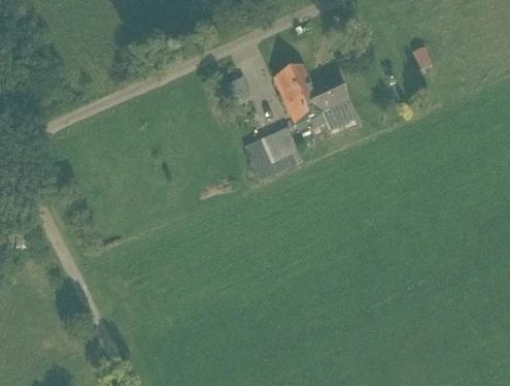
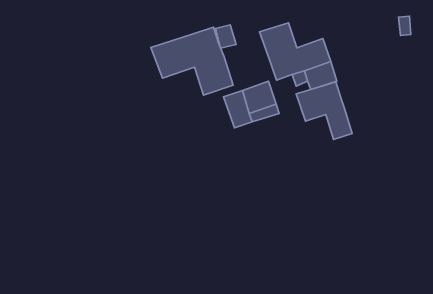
building: none -> [151,27,233,95]
building: none -> [296,82,352,140]

